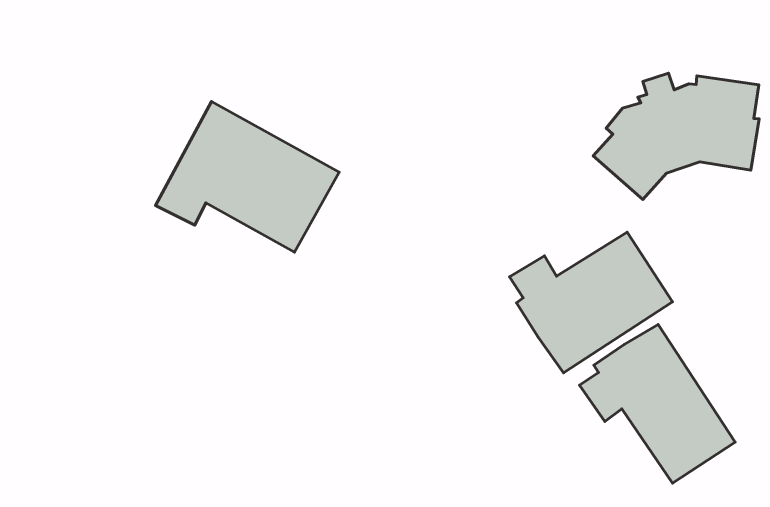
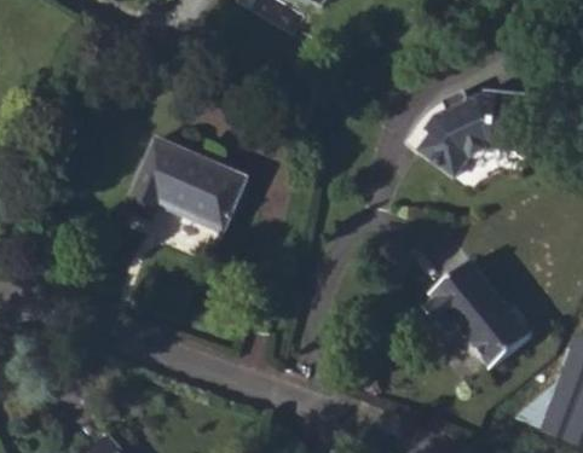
building: [509,232,672,373] -> none

